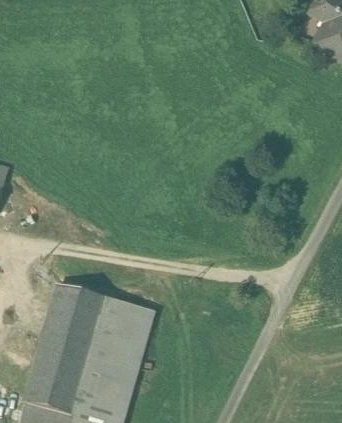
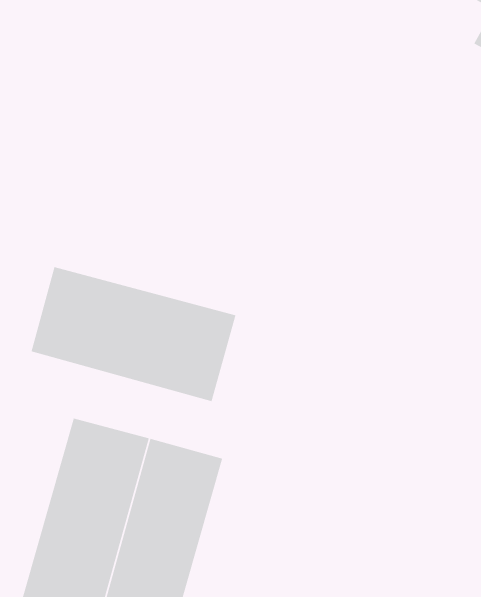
building: none -> [31,266,236,402]

